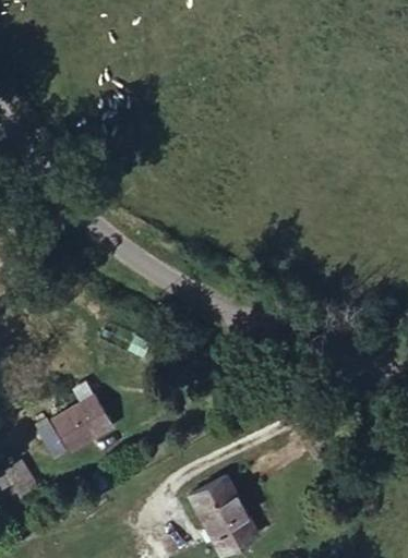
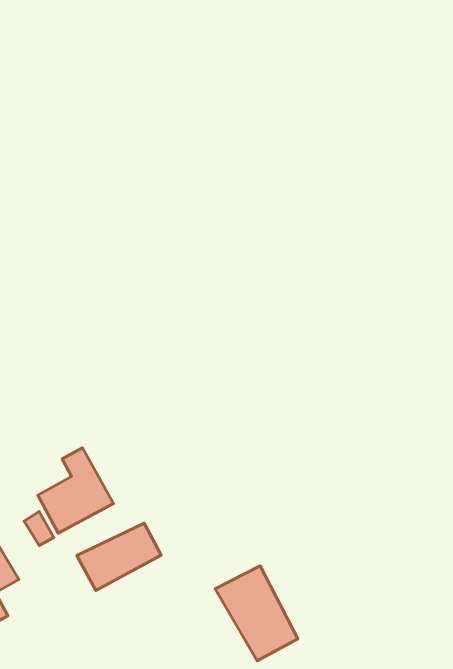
building: none -> [77,523,161,590]

